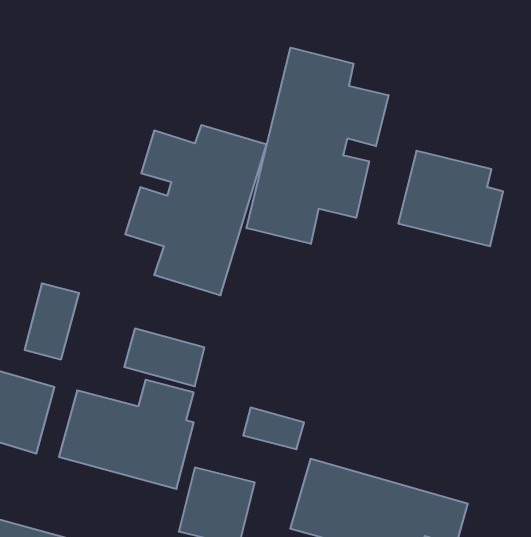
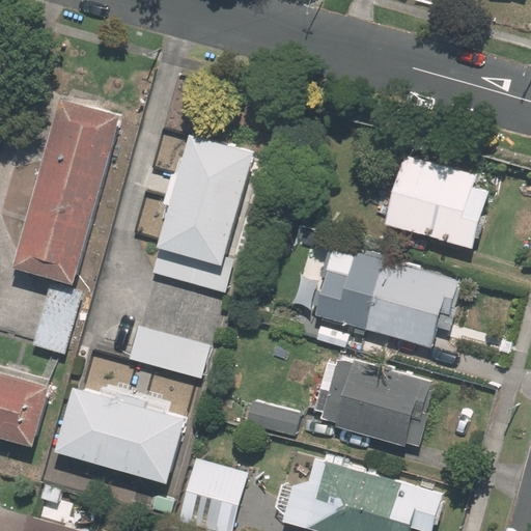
building: [246,48,389,244] -> none
building: none -> [9,96,123,283]
building: none -> [306,249,459,350]
building: none -> [303,354,434,452]

